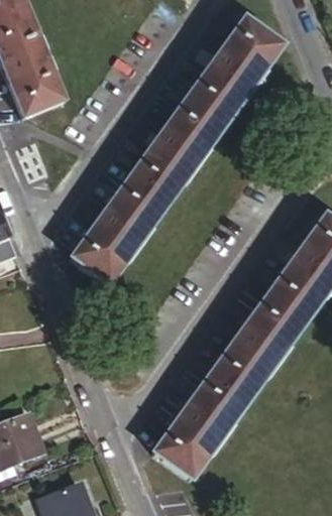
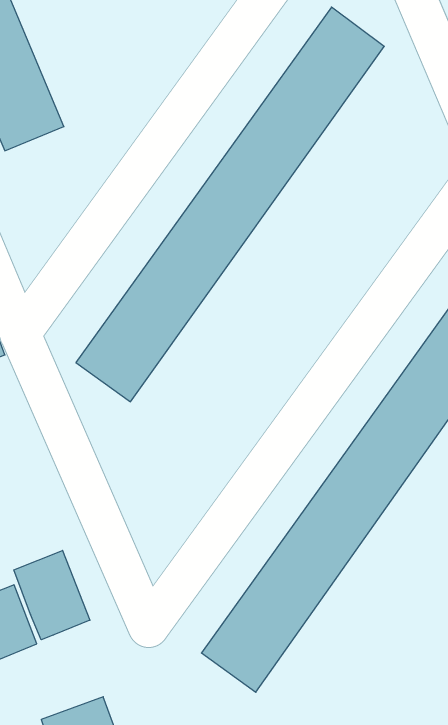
building: none -> [14,550,90,640]

